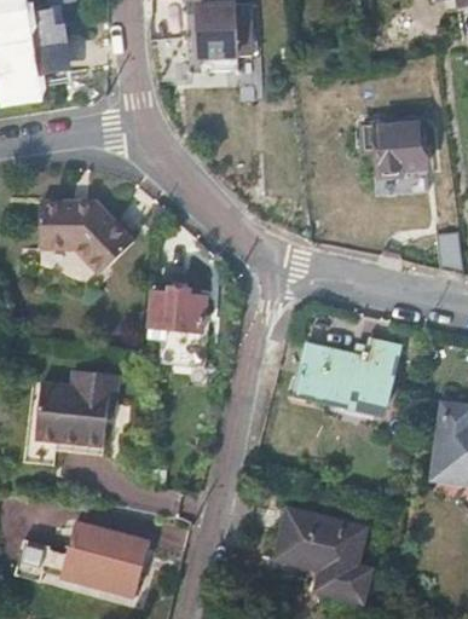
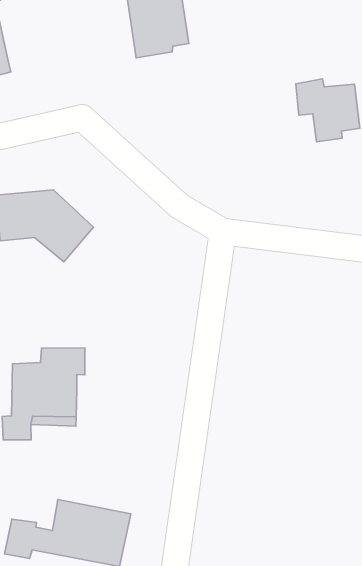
building: [166,287,207,331] -> none
building: [293,342,394,411] -> none
building: [275,509,368,603] -> none

